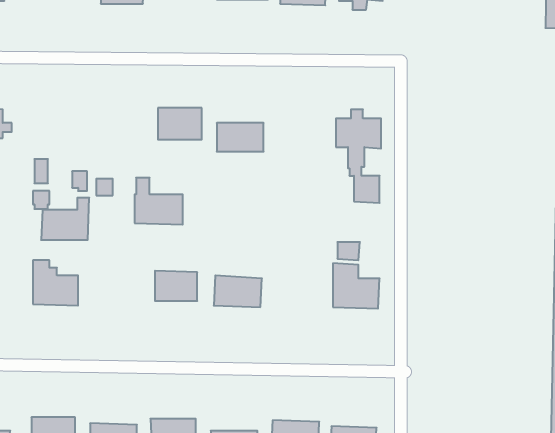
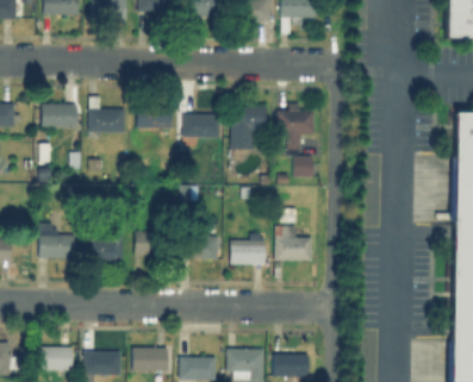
building: none -> [42,104,77,127]
building: none -> [229,106,268,149]
building: [135,178,183,225] -> [88,95,126,132]
building: [41,198,89,240] -> [86,230,124,263]
building: none -> [231,233,266,264]

